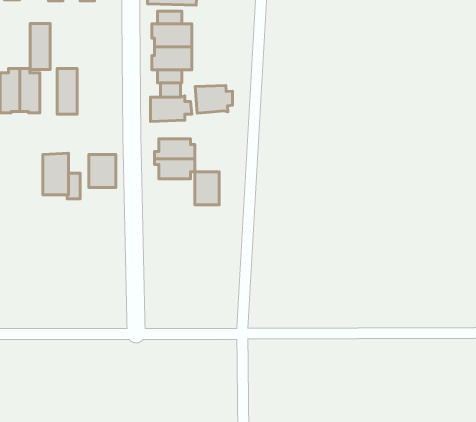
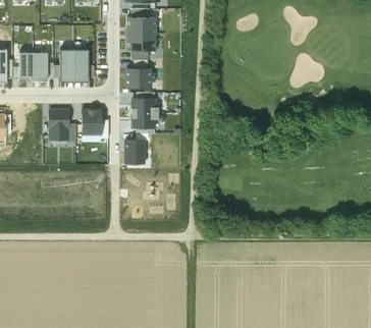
building: [30,23,50,69] -> [74,49,89,81]
building: [195,85,233,113] -> none
building: [195,172,219,205] -> [126,140,144,163]

